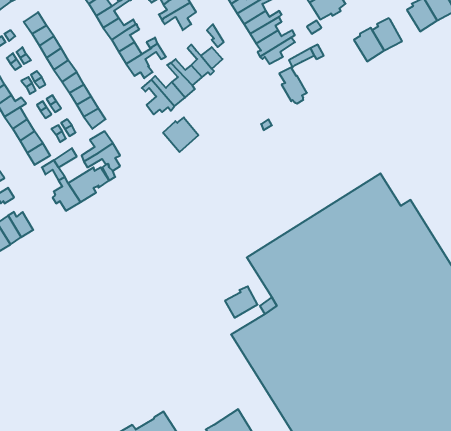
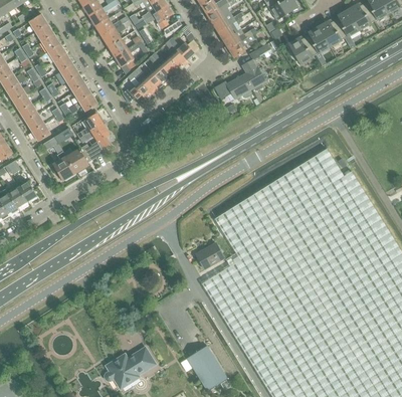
building: none -> [335,10,359,38]
building: none -> [289,37,316,63]
building: none -> [215,74,252,100]
building: [163,117,198,152] -> none

